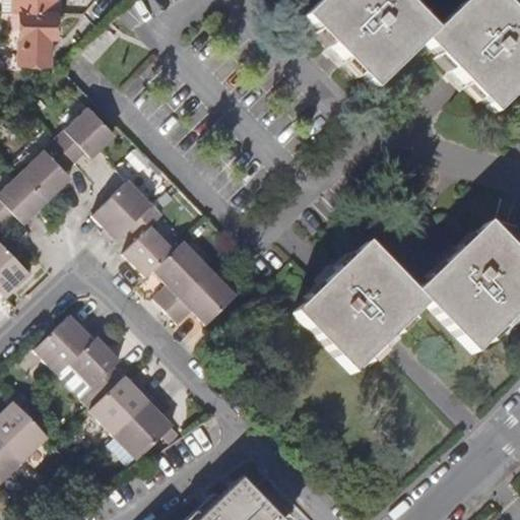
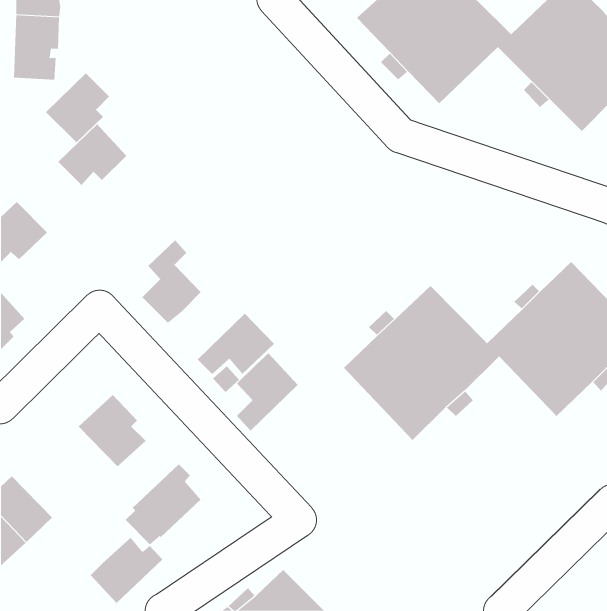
building: [19,137,74,197] -> [45,73,110,143]
building: [94,179,153,241] -> none
building: [159,238,212,305] -> [236,352,299,431]
building: [37,315,101,372] -> none
building: [94,374,156,431] -> [90,537,163,604]

